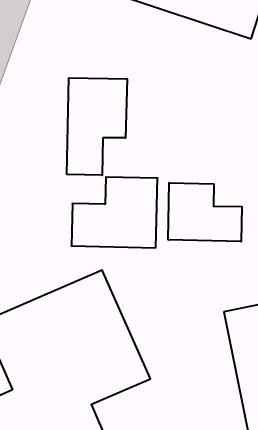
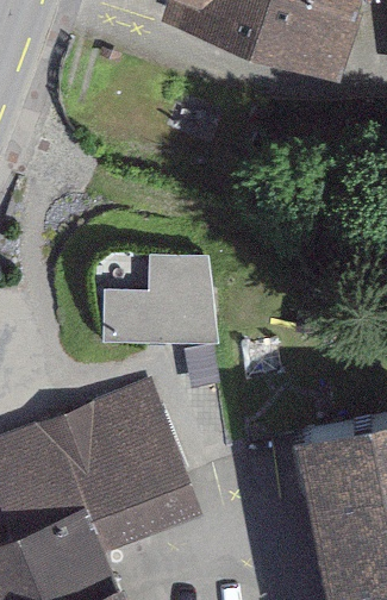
building: [67,78,127,175] -> none
building: [168,183,242,242] -> none

